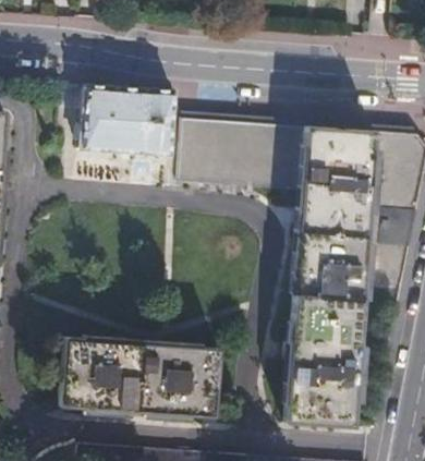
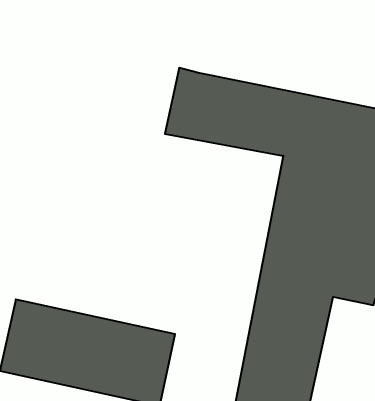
building: [75,85,173,171] -> none

